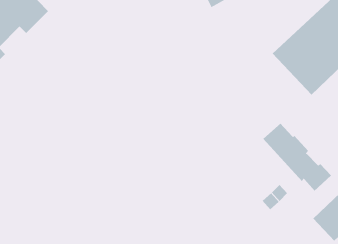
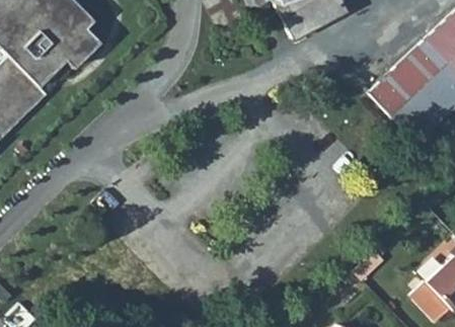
building: [262,123,332,191] -> none

